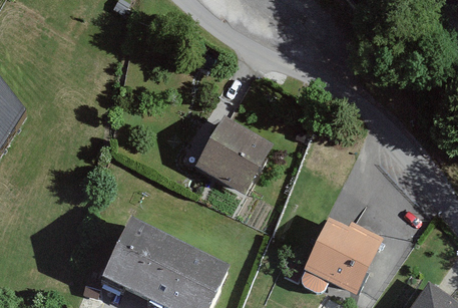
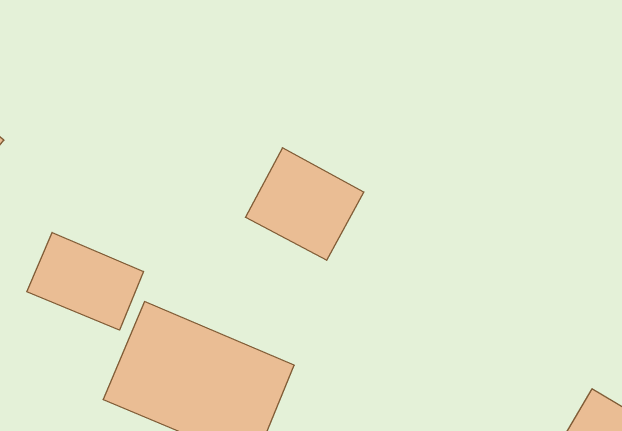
building: none -> [27,232,143,330]
building: [300,211,383,296] -> none

